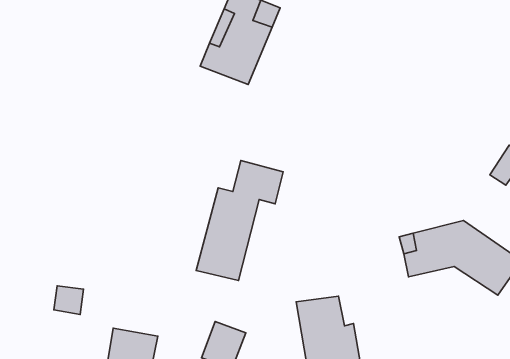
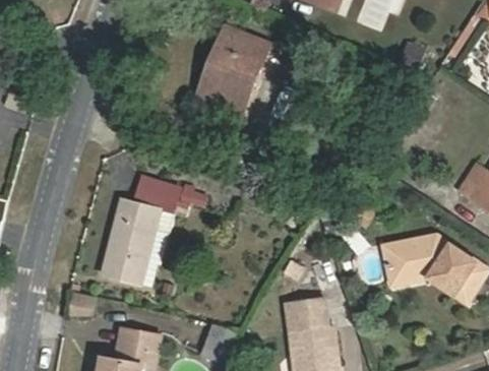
building: [196,161,283,281] -> [103,177,180,284]

